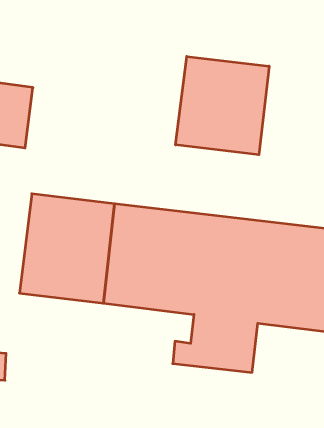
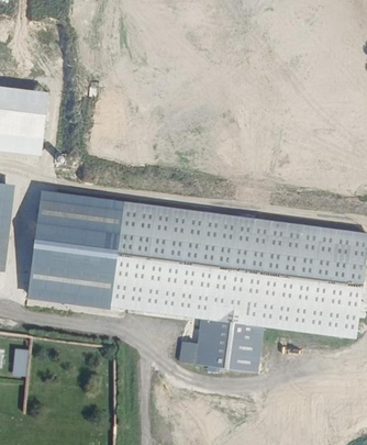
building: [176,56,269,155] -> none

